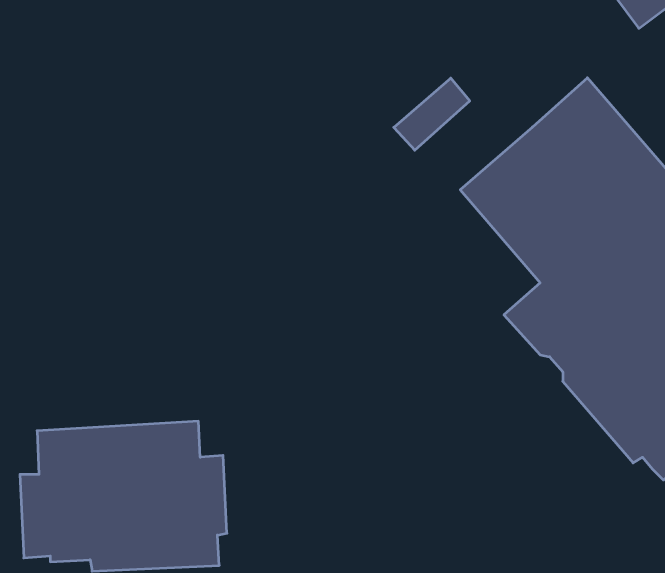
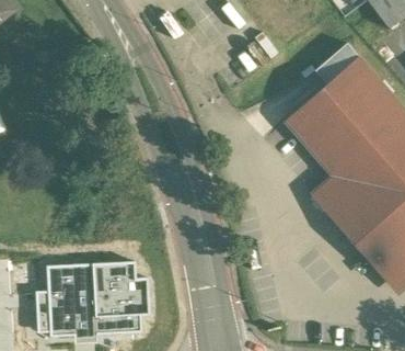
building: [394,78,470,150] -> [315,44,359,86]

